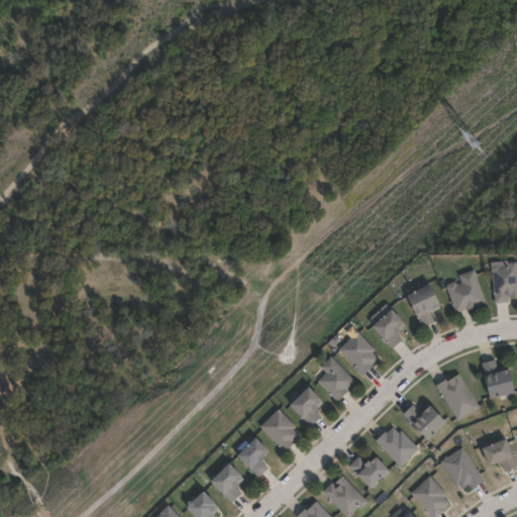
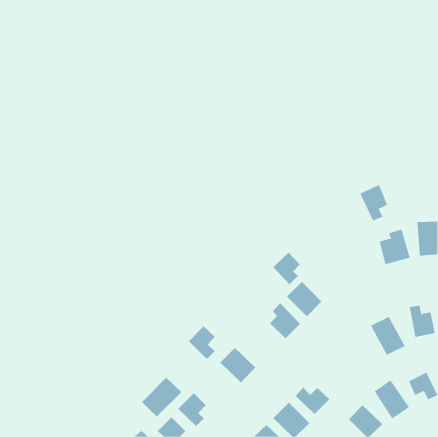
building: [406,284,439,327] -> [360,184,388,221]
building: [371,309,404,348] -> [272,252,301,285]
building: [289,386,322,426] -> none
building: [402,404,445,439] -> none
building: [375,423,418,466] -> none
building: [235,437,268,478] -> [188,326,215,360]
building: none -> [141,377,182,417]

